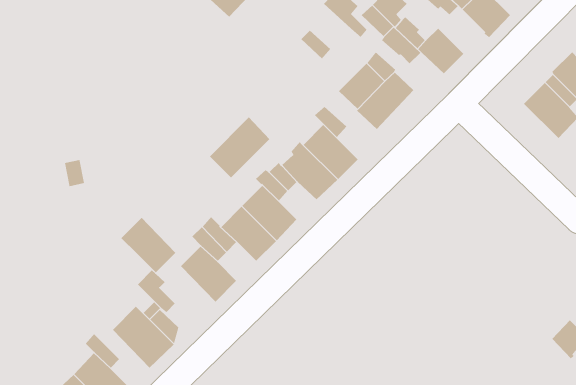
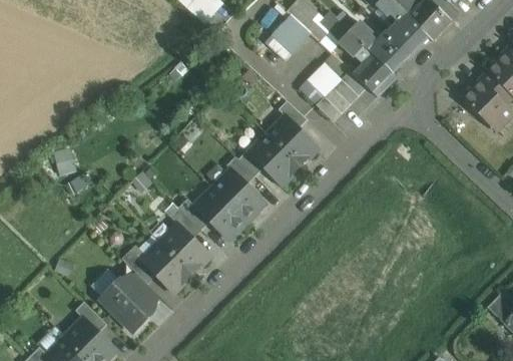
building: none -> [388,12,429,54]
building: none -> [275,14,311,50]
building: none -> [354,53,397,96]
building: [209,117,270,179] -> none
building: [121,216,176,273] -> [142,242,191,292]

